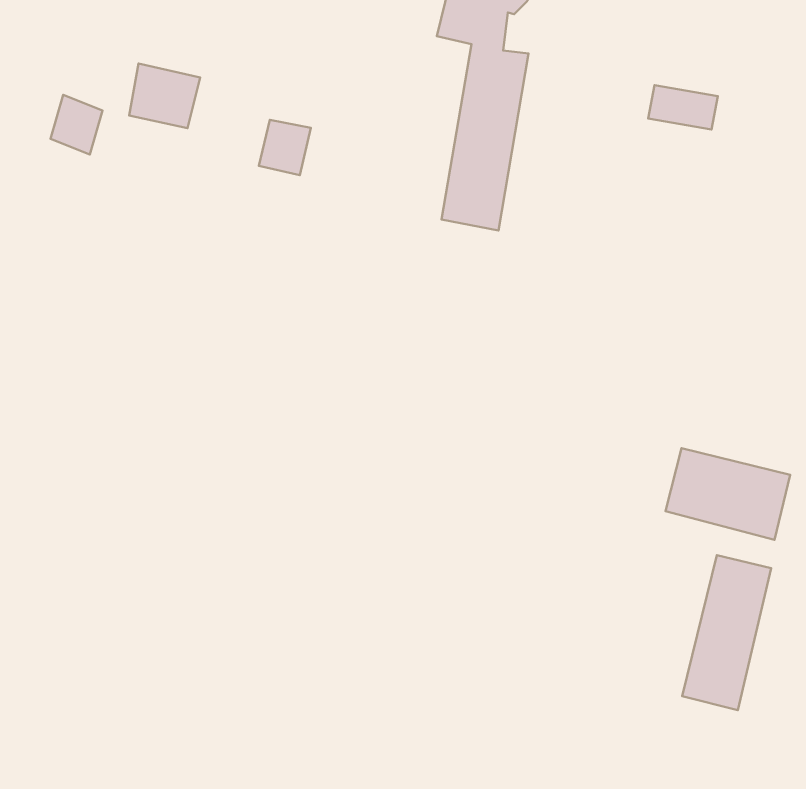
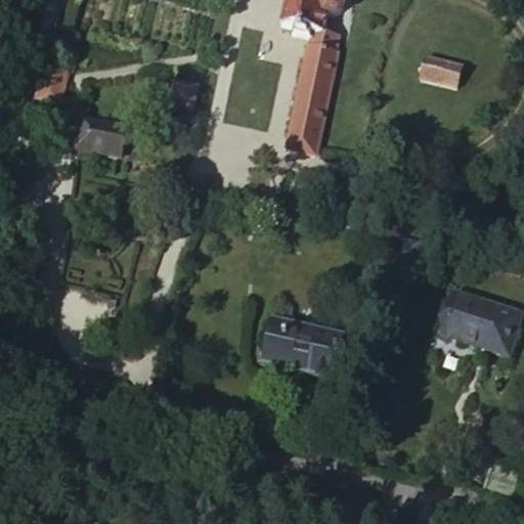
building: [129,63,200,128] -> [77,120,123,162]
building: none -> [263,316,349,379]
building: [682,555,771,710] -> none

